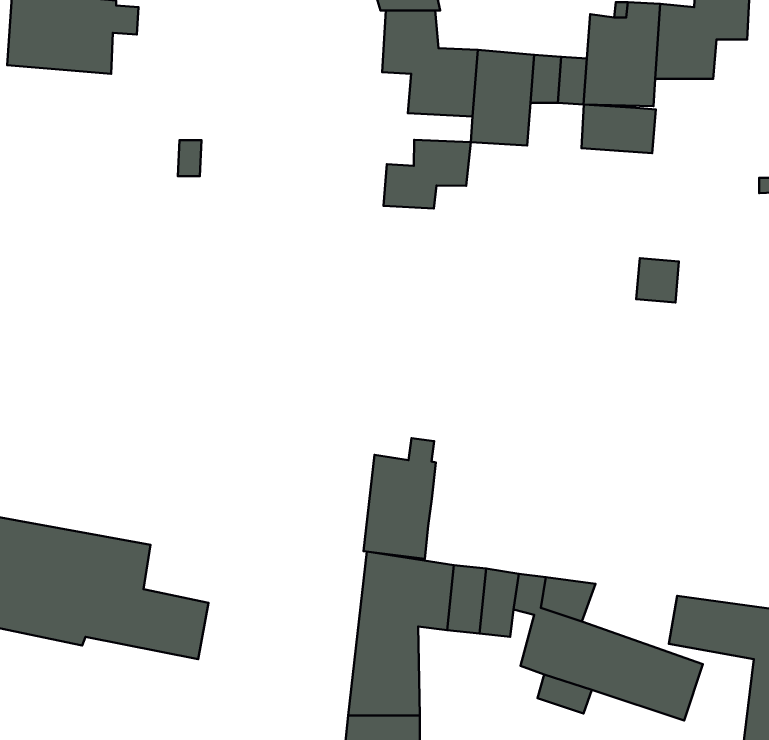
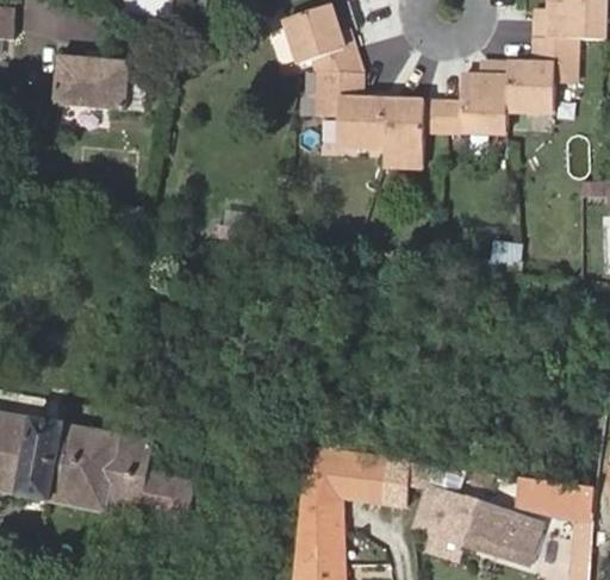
building: [582,104,656,153] -> none
building: [384,140,471,209] -> none
building: [364,438,436,559] -> none

